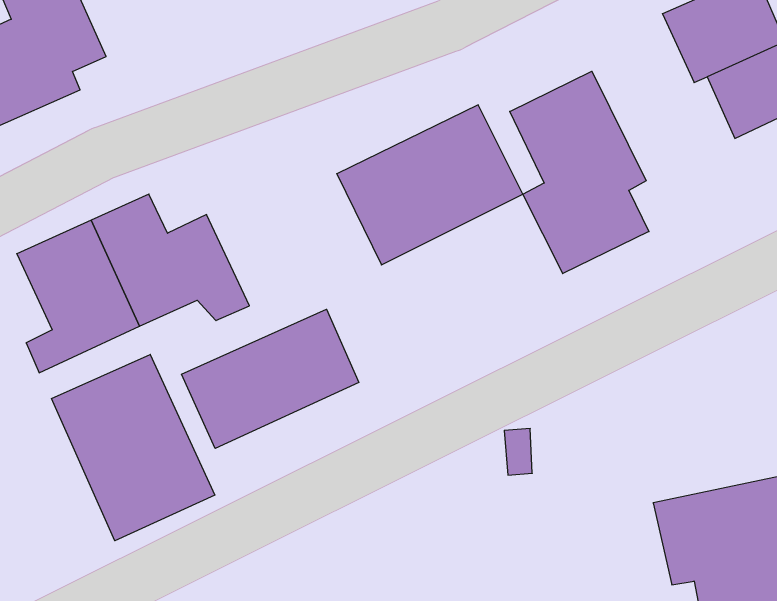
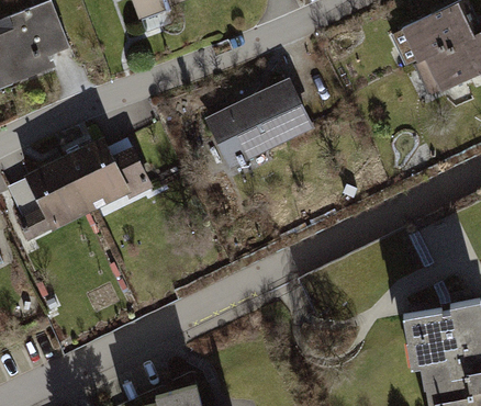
building: [510,71,649,274] -> none
building: [181,309,359,448] -> none
building: [51,354,215,541] -> none

